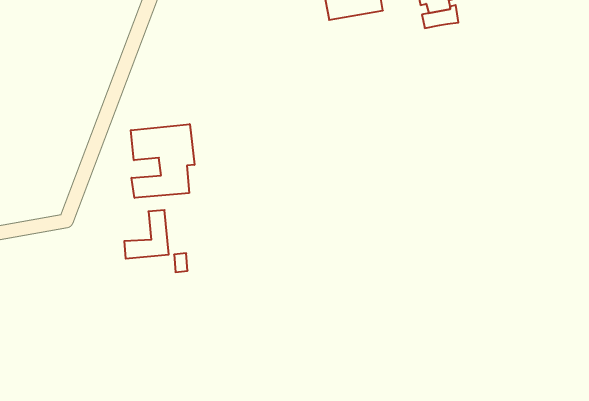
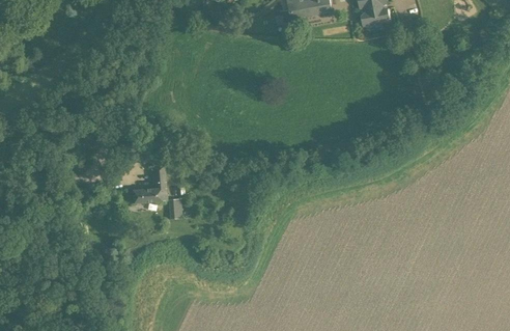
building: [131,124,194,198] -> none

